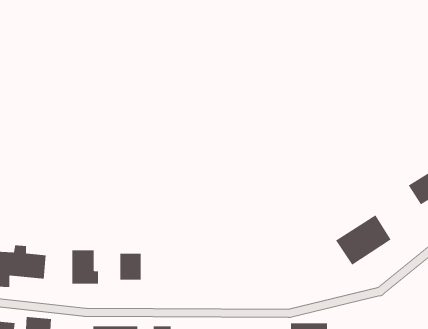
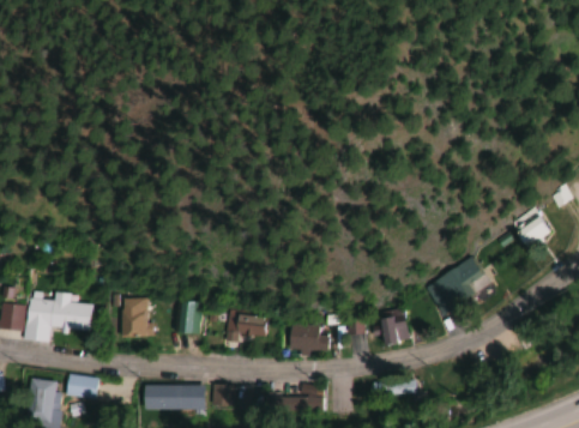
building: none -> [227,309,269,343]
building: none -> [382,311,408,343]
building: none -> [290,324,331,351]

